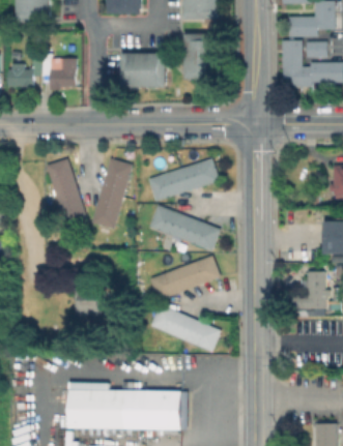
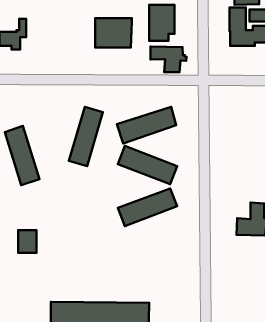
building: [42,53,75,89] -> none
building: none -> [150,47,187,72]
building: [46,157,87,228] -> [5,126,40,185]
building: [75,288,96,315] -> [18,230,37,253]
building: [149,303,221,351] -> none

